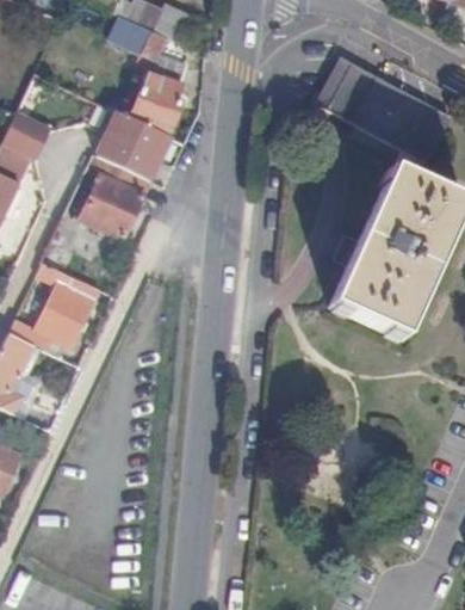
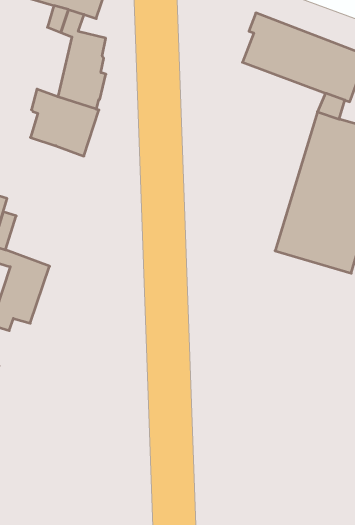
building: [76,167,147,239] -> none

